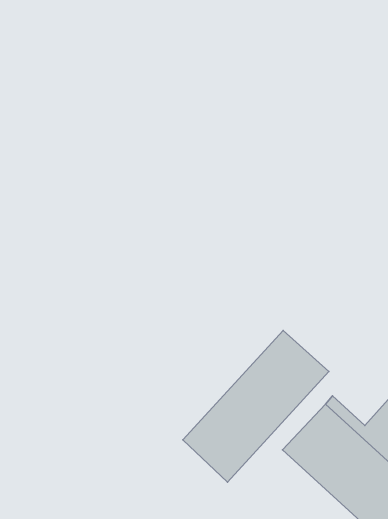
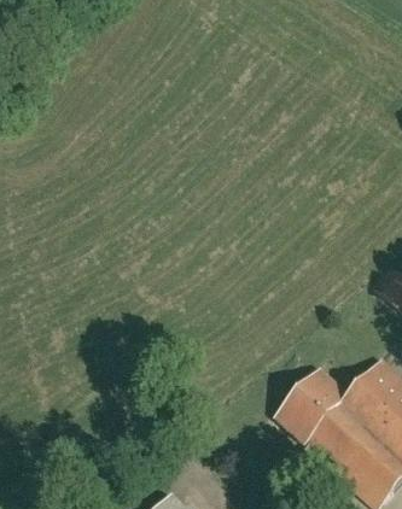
building: [183,331,329,482] -> none

